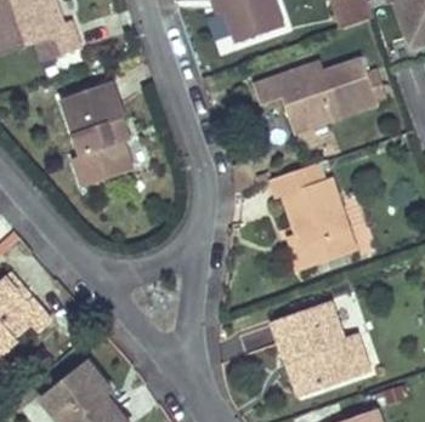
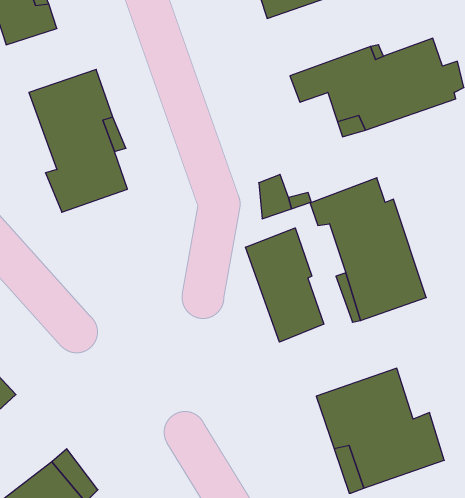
building: none -> [246,228,324,342]

